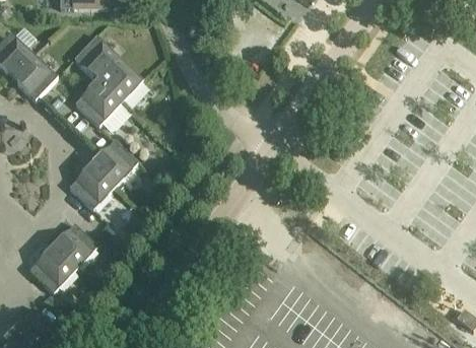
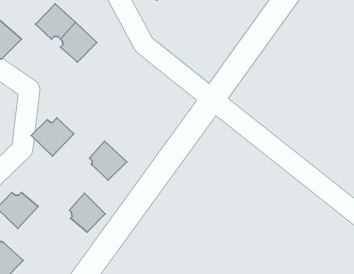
building: [74,85,130,130] -> none
building: [95,140,138,185] -> [89,141,127,180]
building: [56,223,96,268] -> [69,193,105,232]

